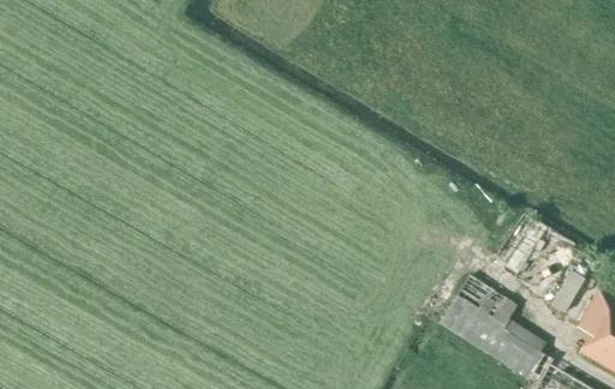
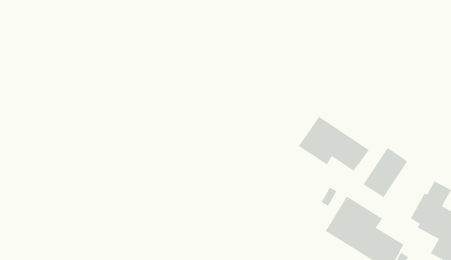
building: none -> [298,116,370,172]

